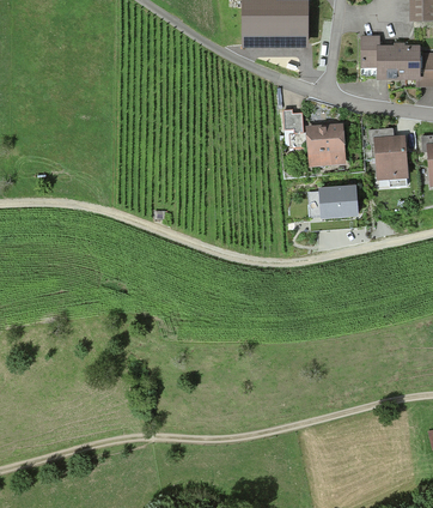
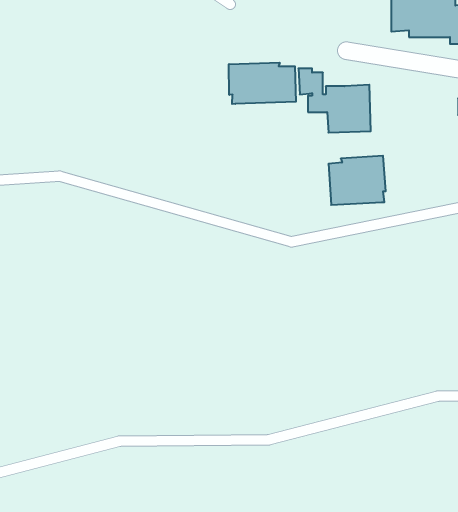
building: none -> [229,63,296,104]
building: [368,127,408,180] -> none

